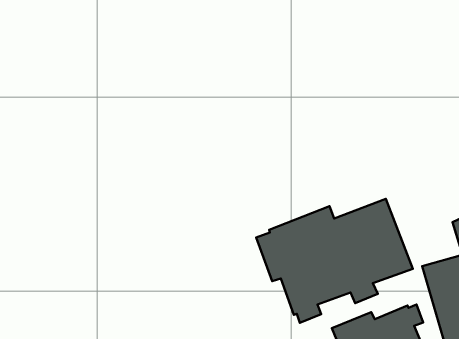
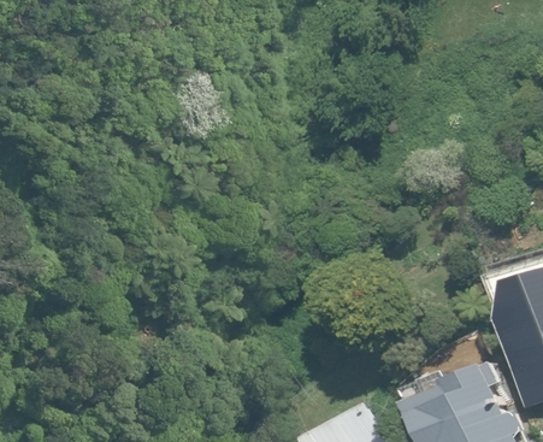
building: [256,199,413,323] -> none

